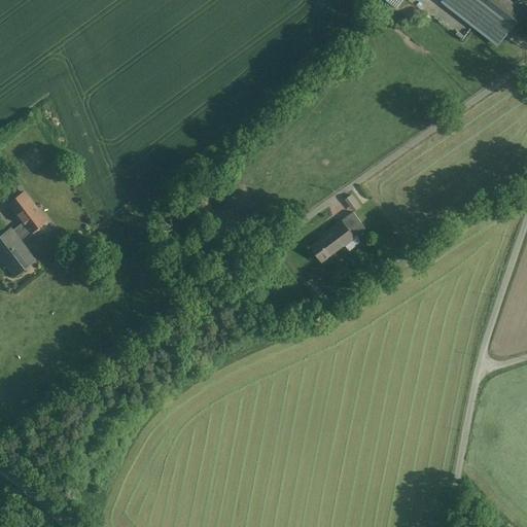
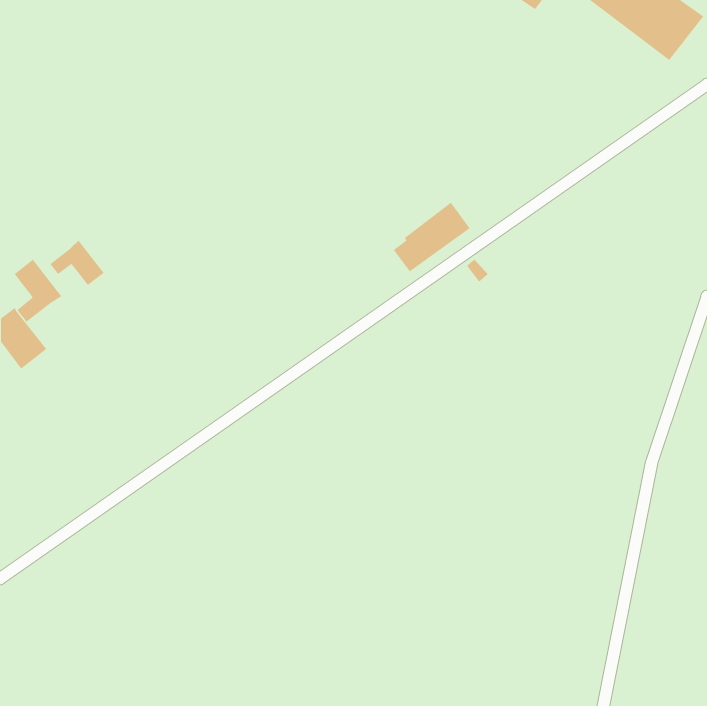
building: none -> [50,240,104,286]
building: [310,209,367,261] -> [393,202,470,272]

